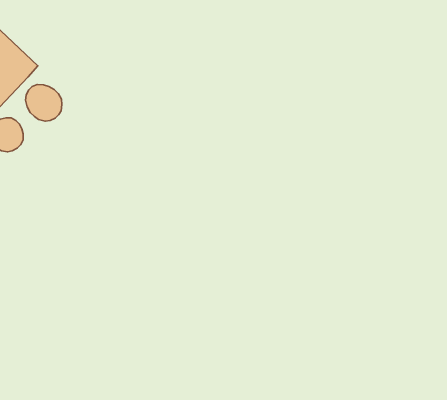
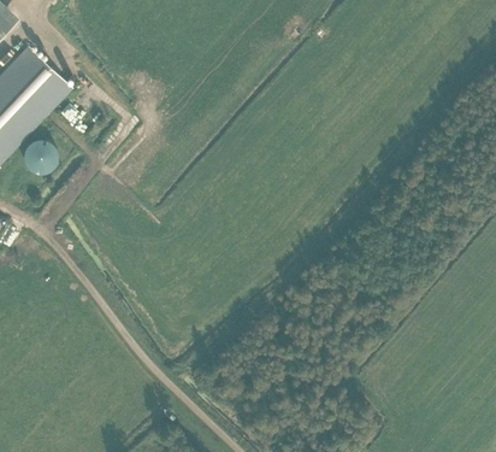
building: [25,84,62,121] -> none

